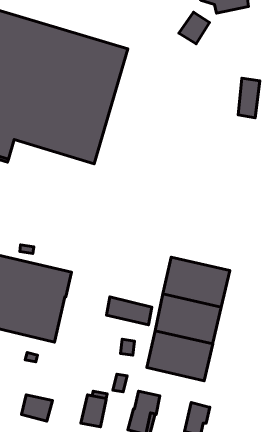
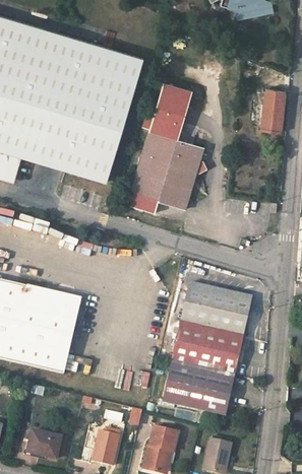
building: [179,12,210,44] -> none
building: none -> [127,83,207,213]
building: [106,297,152,325] -> none

